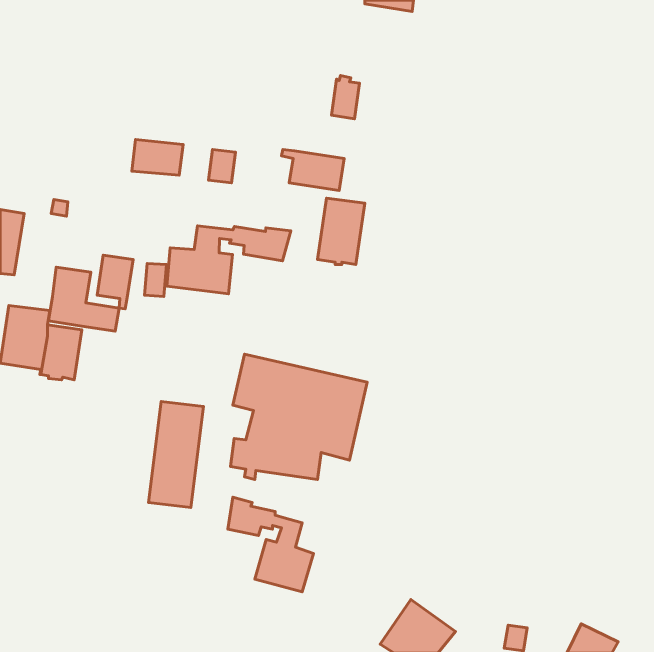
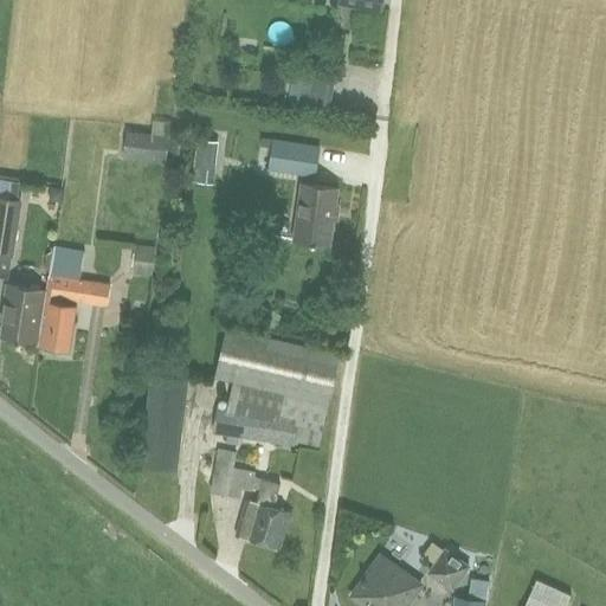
building: [167,226,291,294] -> none
building: [97,255,133,309] -> none
building: none -> [426,548,470,592]

